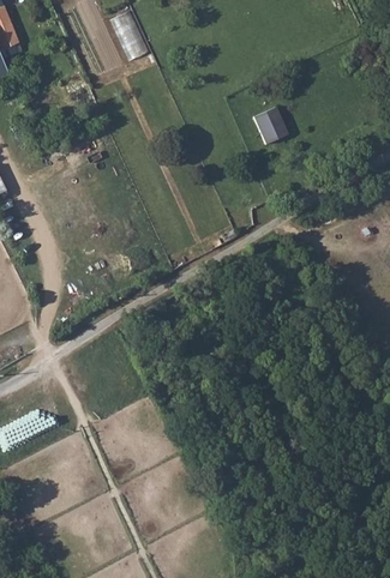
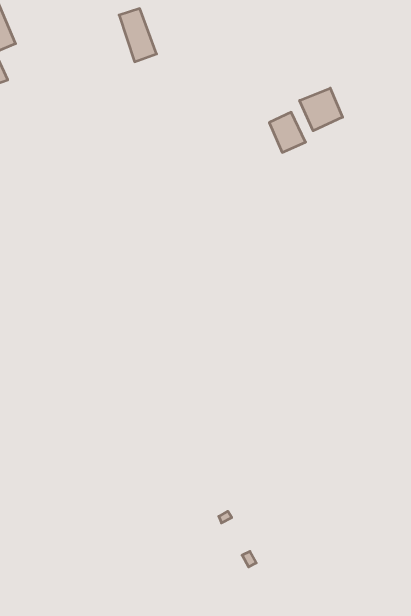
building: none -> [300,88,343,131]

